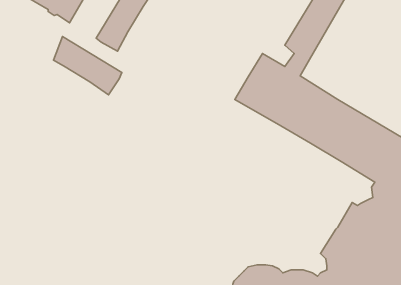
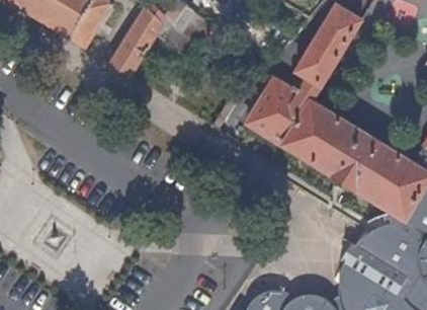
building: [54,37,122,95] -> none

